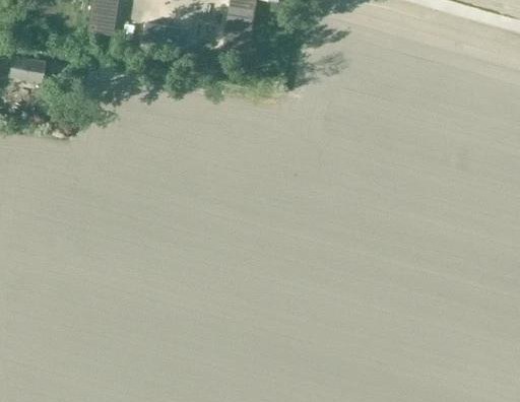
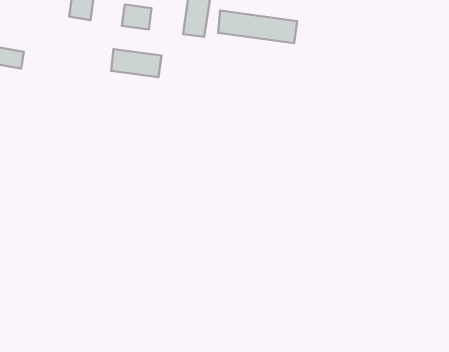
building: none -> [218,11,297,43]
building: none -> [111,49,161,77]

